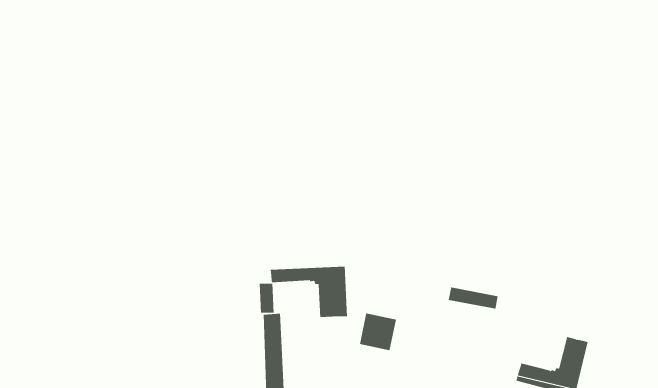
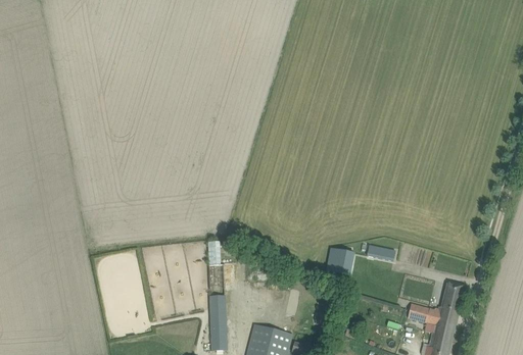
building: [270,266,348,318] -> none
building: [359,313,397,351] -> [324,247,353,276]

